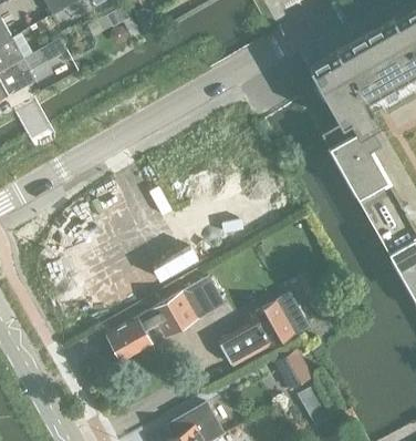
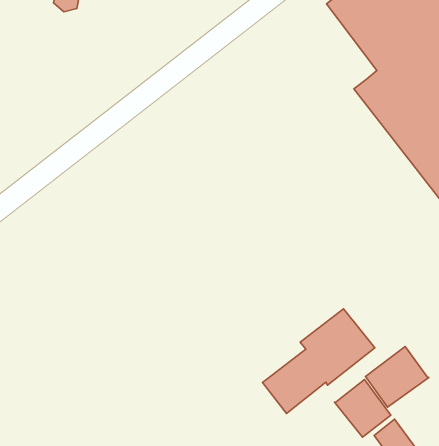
building: [106,279,221,360] -> none
building: none -> [366,346,429,407]

